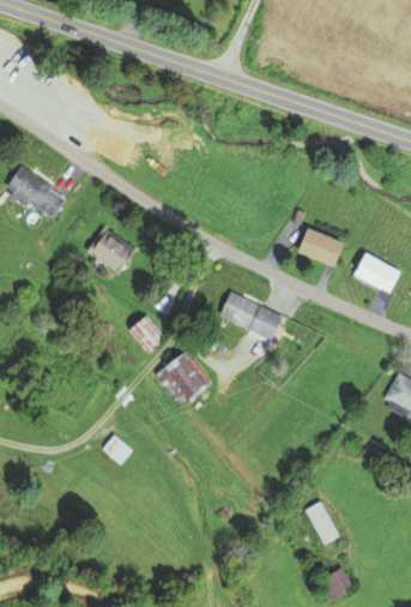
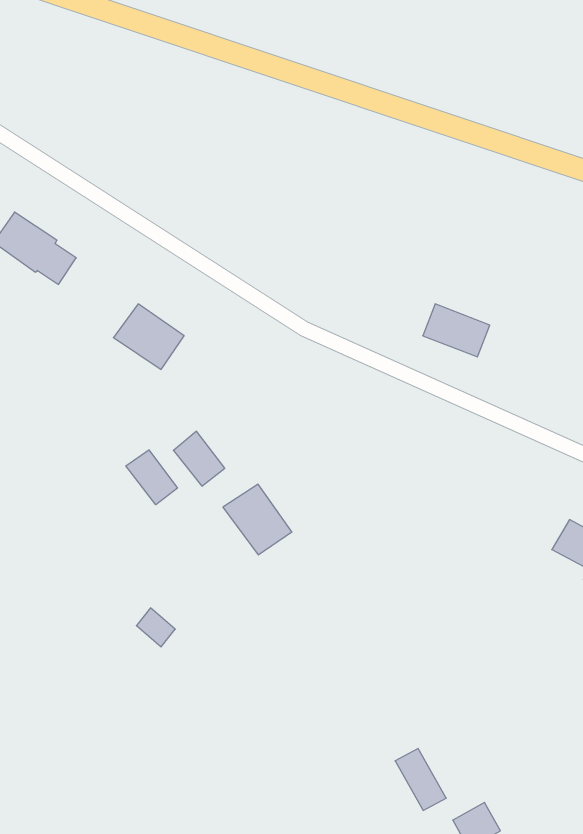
building: [355,254,399,292] -> none
building: [220,293,283,341] -> none
building: none -> [126,450,177,505]
building: [306,501,340,543] -> [395,749,446,810]

